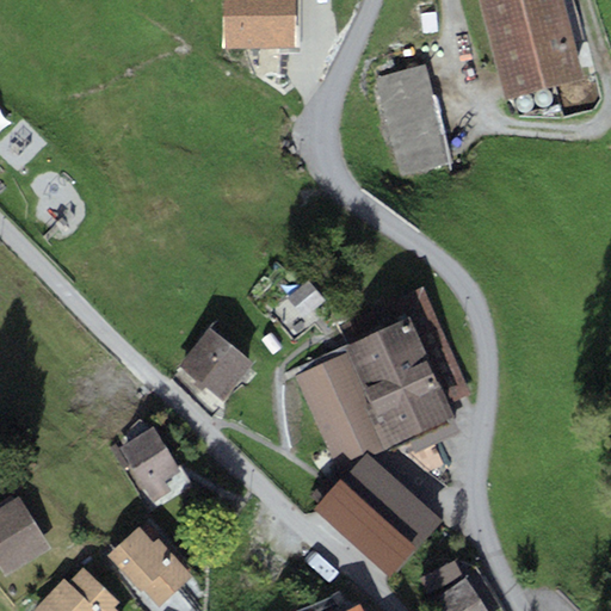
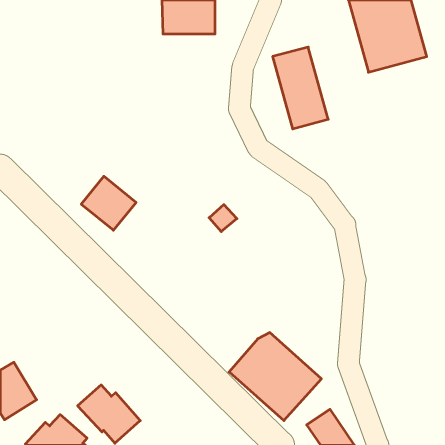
building: [295,286,471,470] -> none
building: [178,327,253,401] -> [81,176,136,230]
building: [107,426,180,501] -> none

